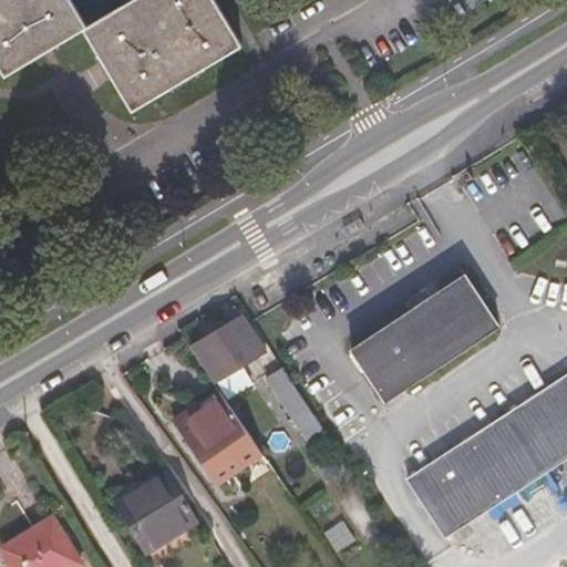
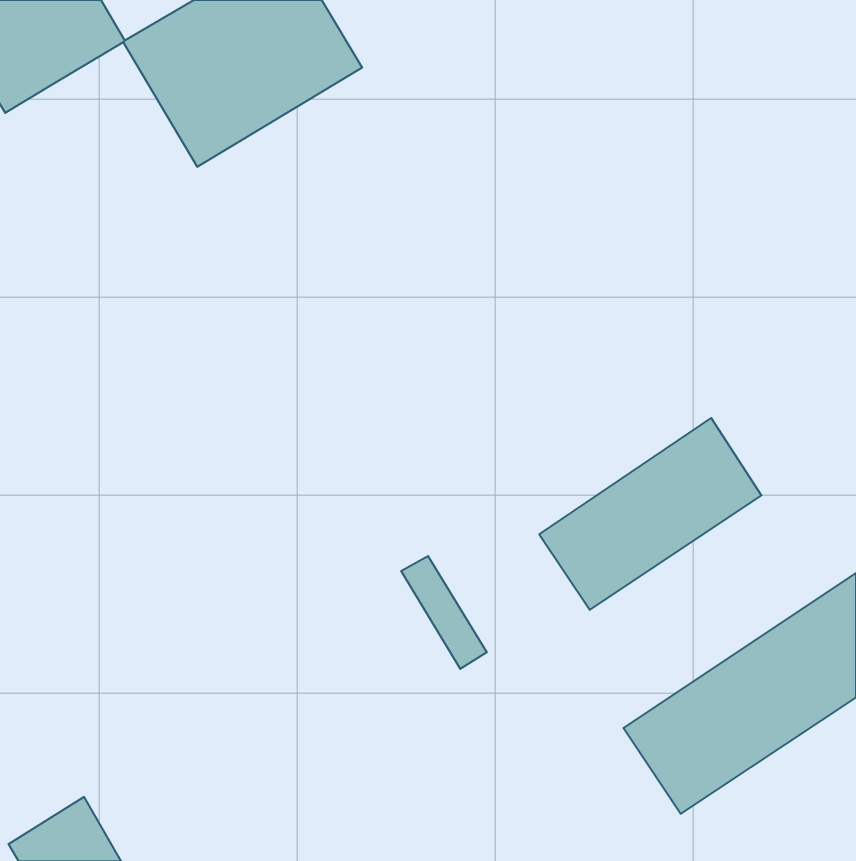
building: [194,316,264,380] -> none
building: [174,390,260,483] -> none
building: [117,475,197,554] -> none

